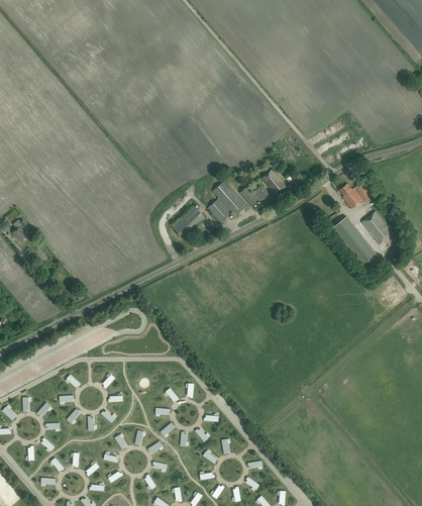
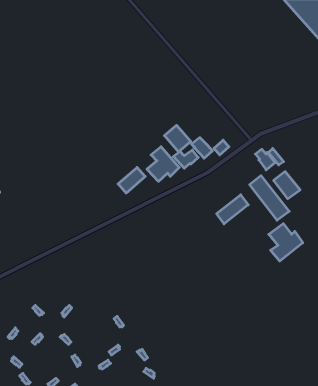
building: none -> [164,125,191,152]
building: none -> [217,195,248,224]
building: none -> [269,224,303,261]

